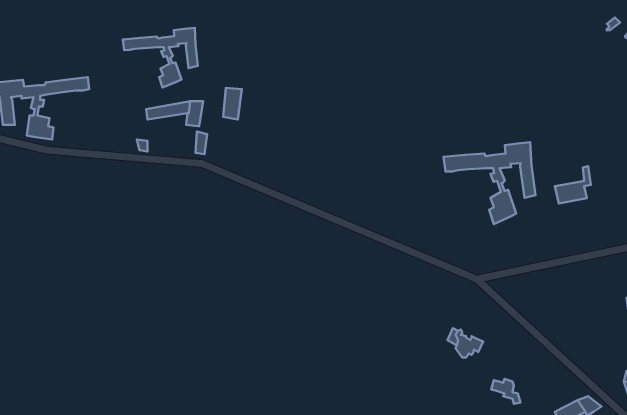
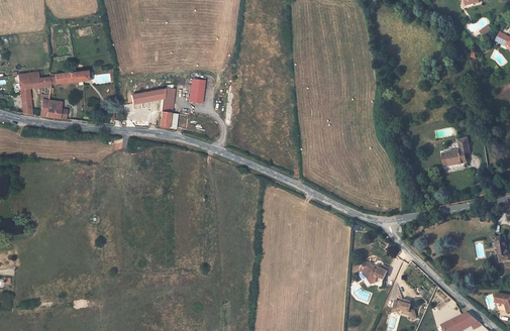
building: [123,28,198,87] -> none
building: [443,142,536,224] -> none

